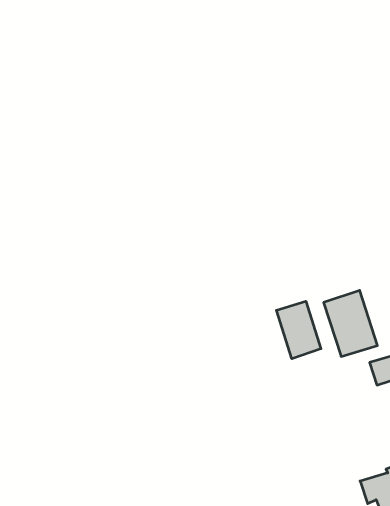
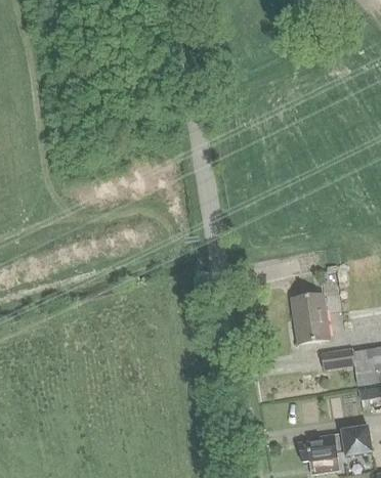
building: [276,301,321,359] -> none

